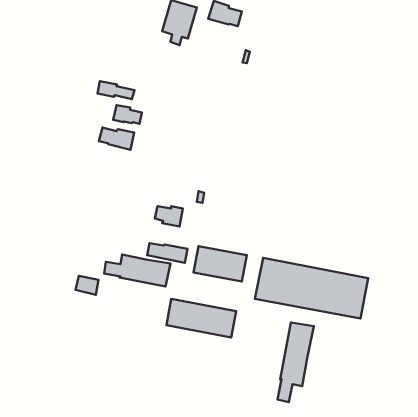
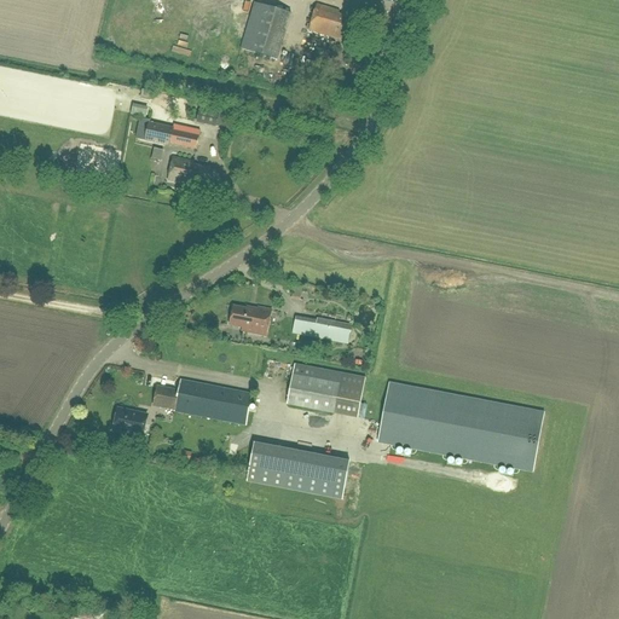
building: [99,127,134,150] -> none
building: [147,243,187,263] -> [291,313,351,342]
building: [278,322,314,402] -> none

